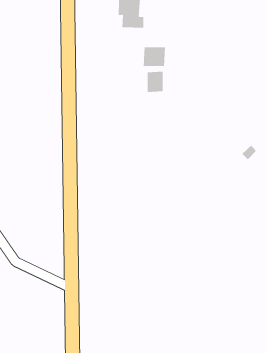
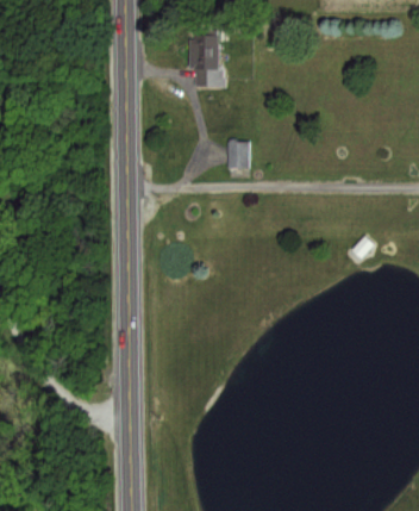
building: [143,46,165,67] -> none

